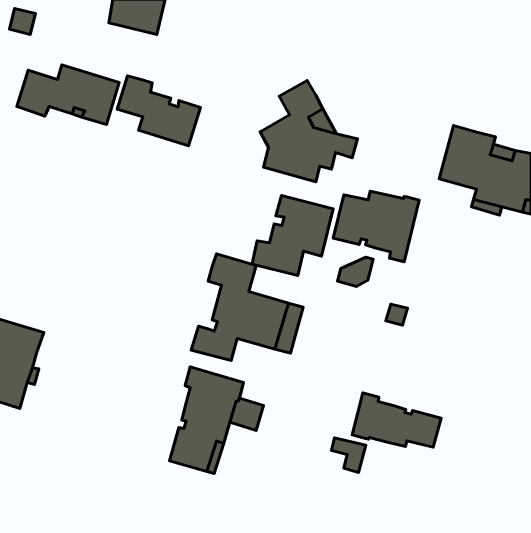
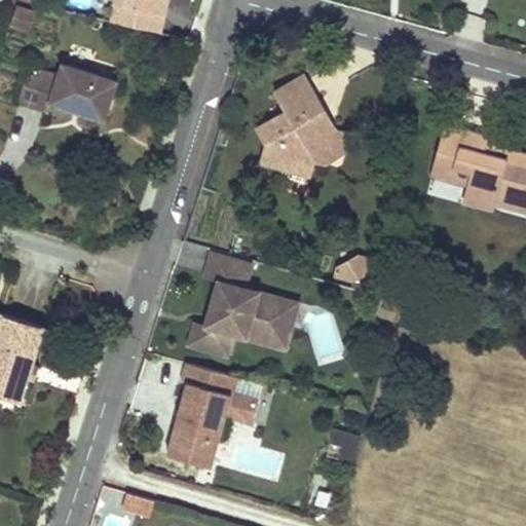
building: [117,76,201,146] -> none
building: [333,191,419,262] -> none
building: [252,195,333,276] -> none
building: [352,393,441,447] -> none

